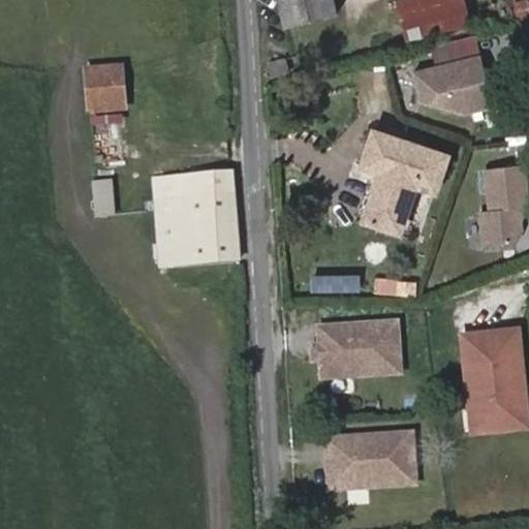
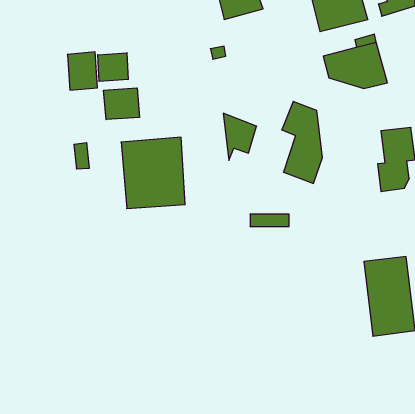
building: none -> [98,53,128,81]
building: none -> [104,88,139,120]
building: [403,141,445,200] -> [223,113,257,160]
building: [319,323,400,377] -> none
building: [326,428,415,485] -> none

